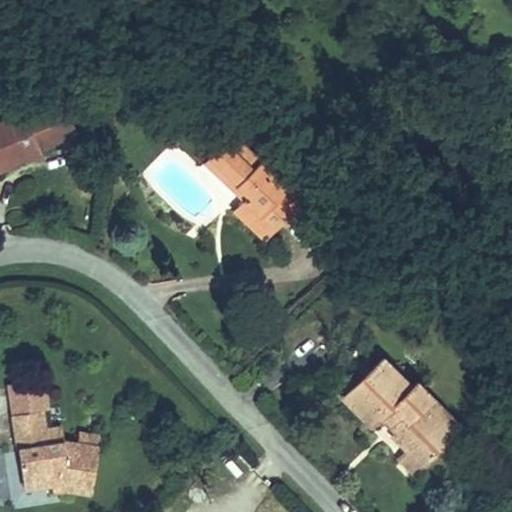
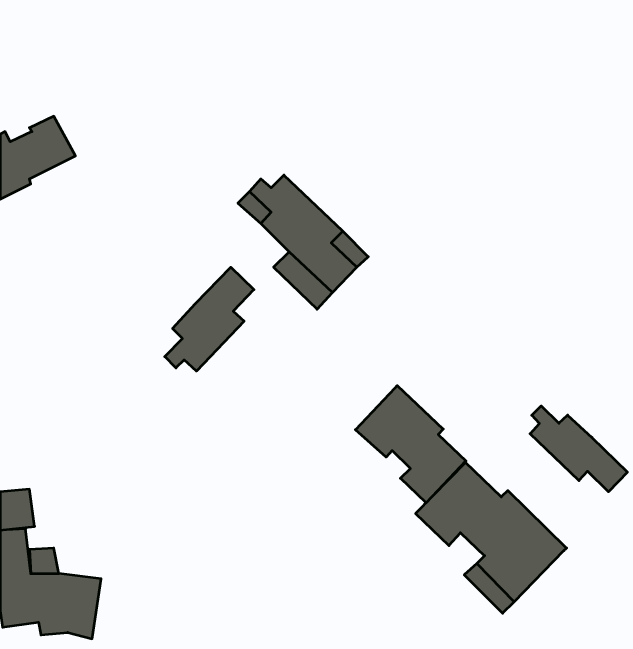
building: none -> [165,267,254,371]
building: none -> [355,386,466,503]
building: none -> [530,406,627,492]

